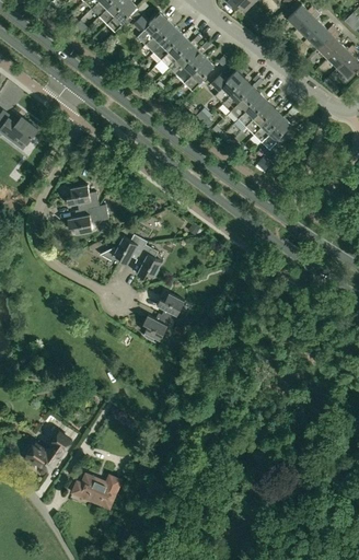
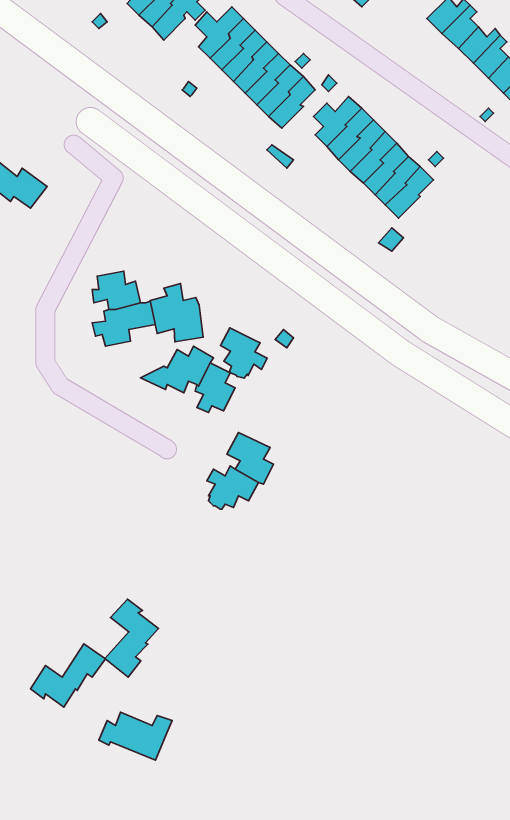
building: none -> [150,284,203,342]
building: none -> [221,328,267,378]
building: none -> [105,599,159,677]

